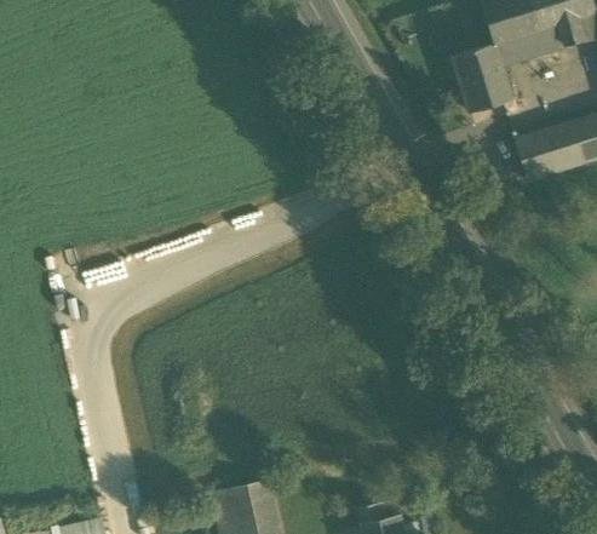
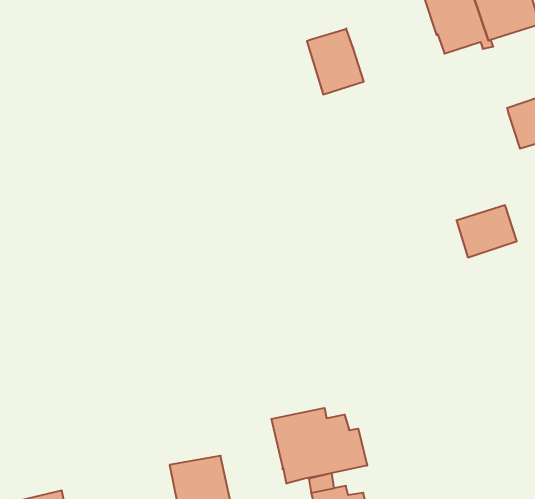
building: [453,44,512,113] -> [307,28,364,94]
building: [517,126,580,180] -> [456,205,517,257]
building: none -> [271,408,367,484]

